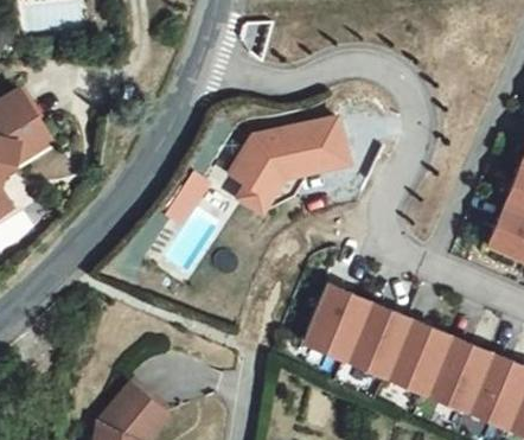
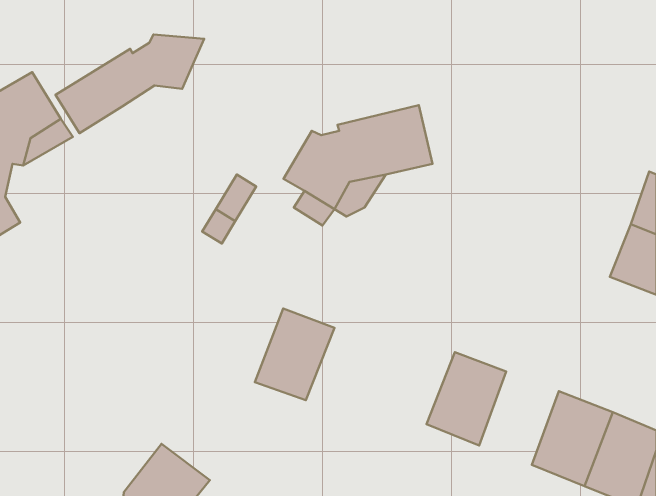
building: none -> [55,35,204,133]
building: [301,289,364,362] -> [255,308,334,400]
building: [383,320,446,394] -> none

